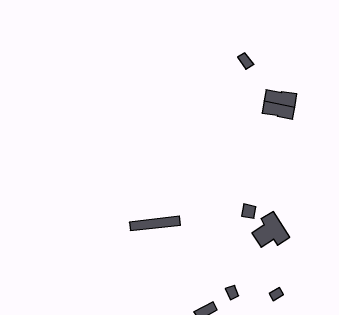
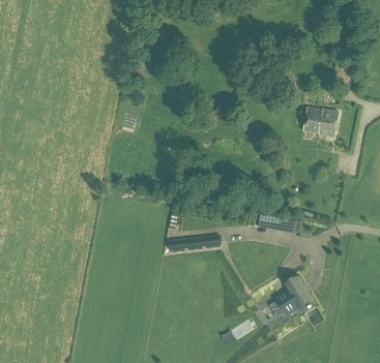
building: [252,212,290,247] -> [274,275,313,311]

